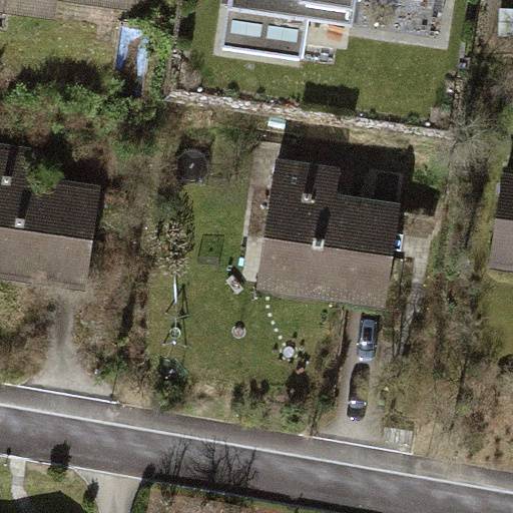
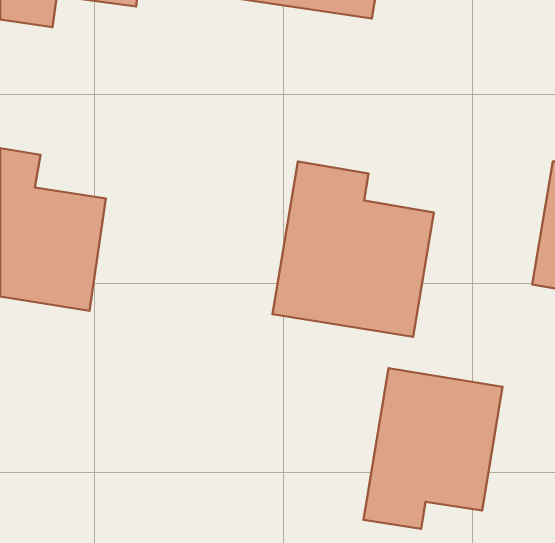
building: none -> [364,368,502,529]

